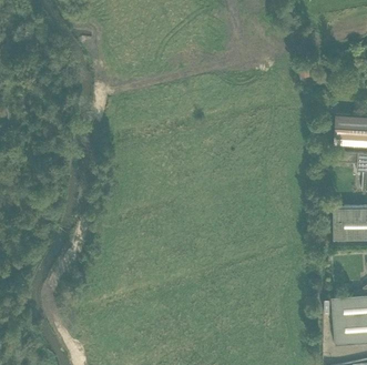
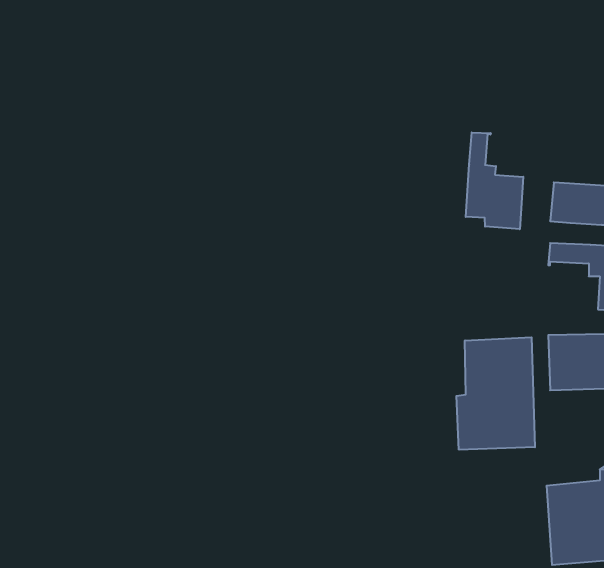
building: none -> [466,132,523,229]
building: none -> [456,337,535,450]

